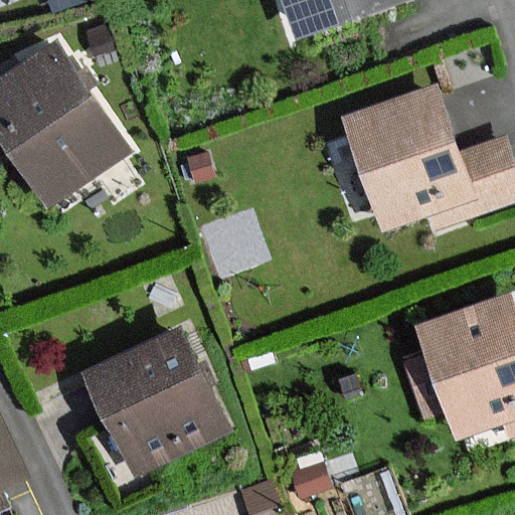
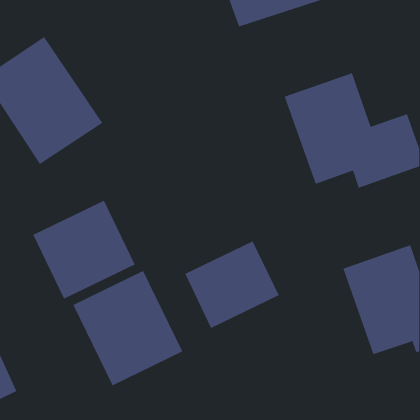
building: none -> [32,200,136,299]
building: none -> [184,240,280,329]

